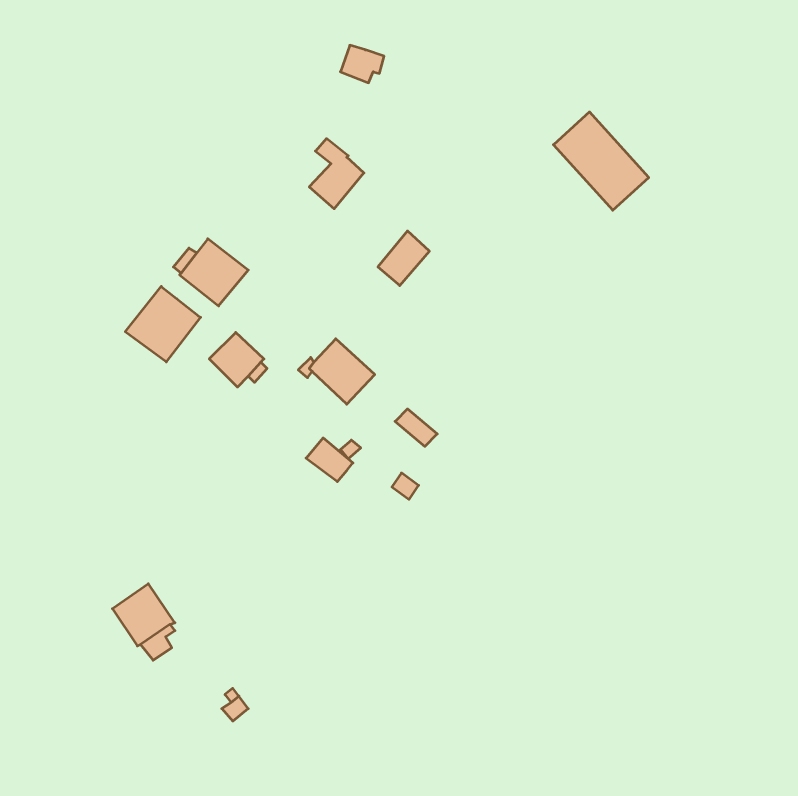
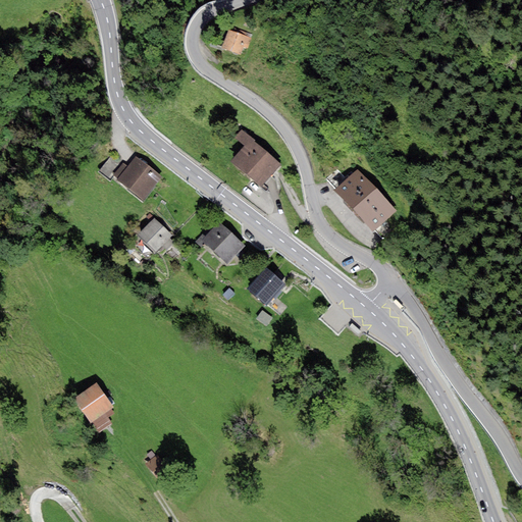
building: [553,112,649,210] -> [334,168,397,232]
building: [309,139,364,209] -> [230,128,266,174]
building: [125,286,201,362] -> none
building: [306,438,353,482] -> [247,275,277,304]

